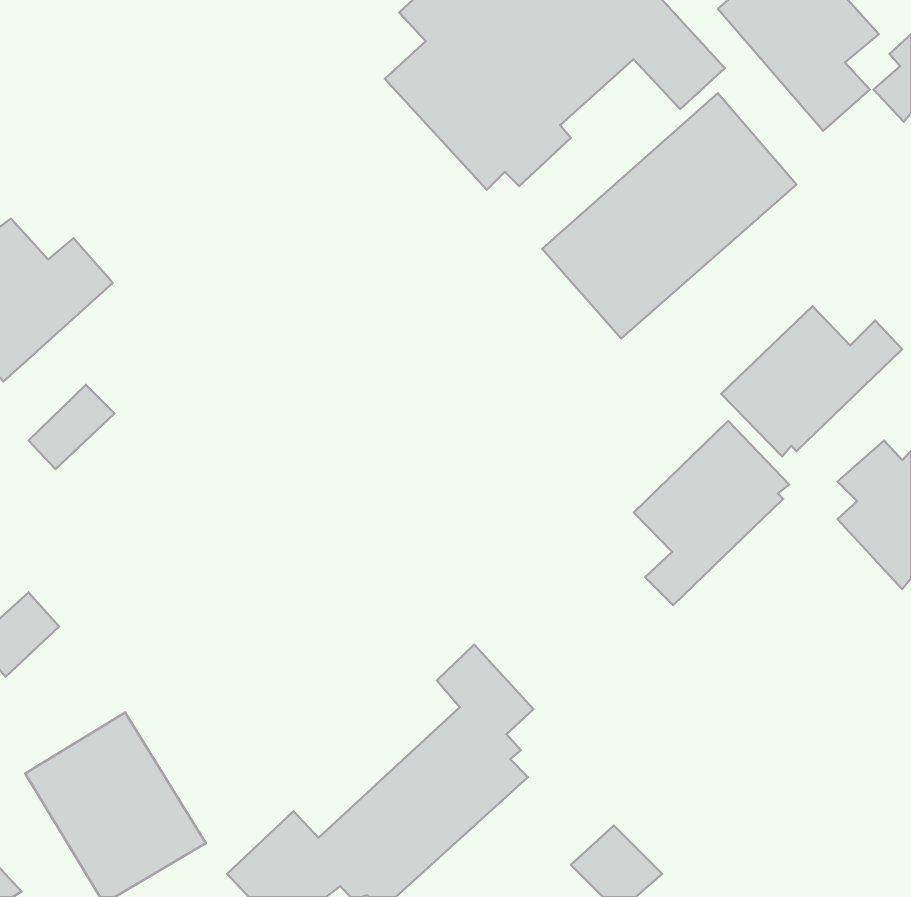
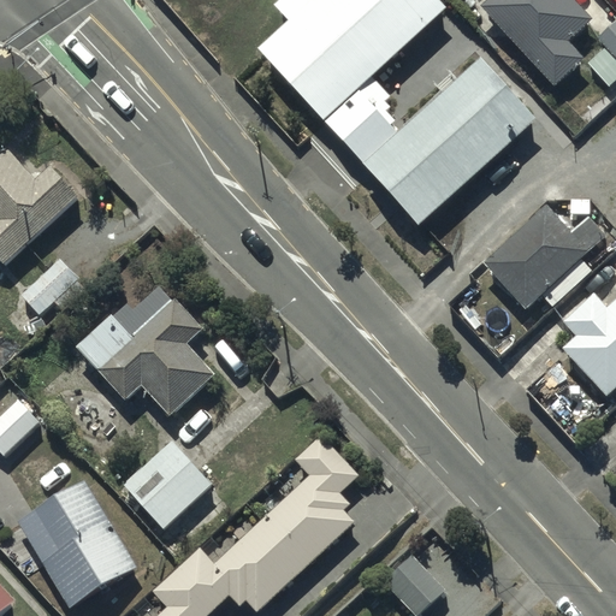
building: [634,421,789,605] -> none
building: none -> [78,286,215,416]
building: none -> [124,440,209,526]

